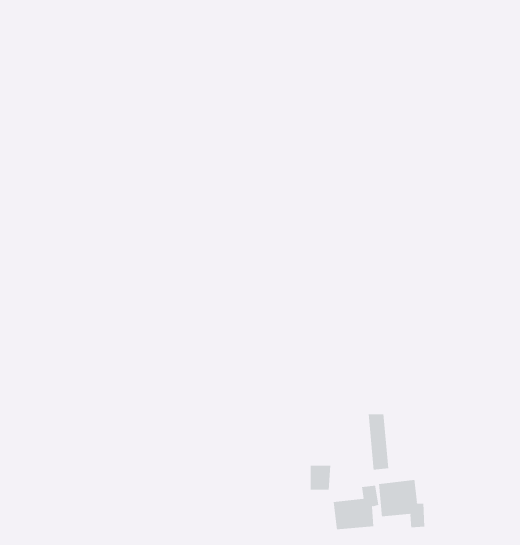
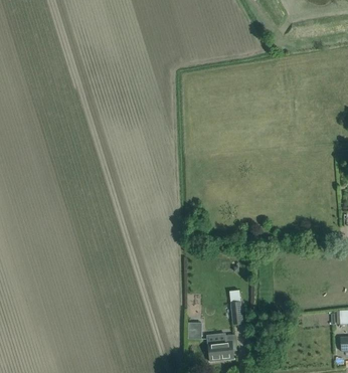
building: [379,479,425,528] -> none

